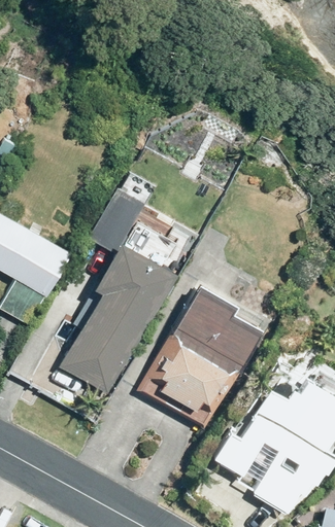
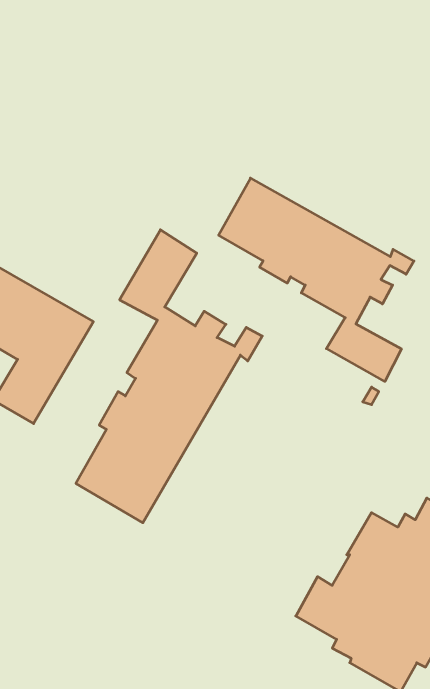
building: none -> [219,178,414,381]
building: [138,282,261,427] -> none

